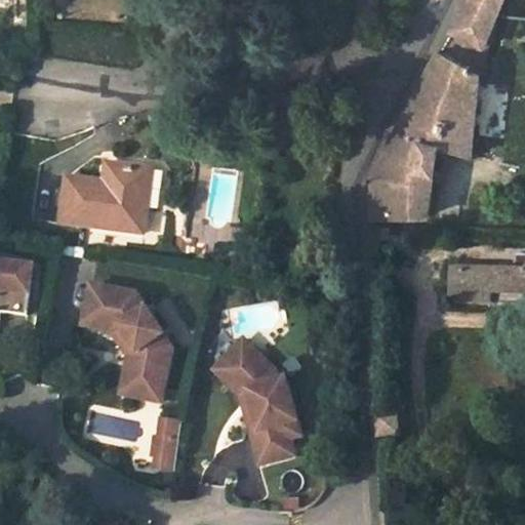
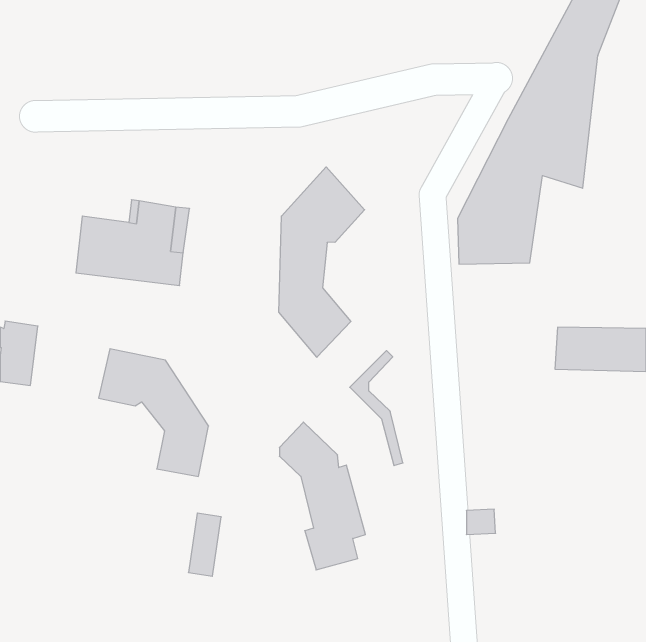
building: none -> [279,167,365,357]
building: [110,326,161,399] -> none
building: [211,337,254,431] -> [350,351,403,466]

